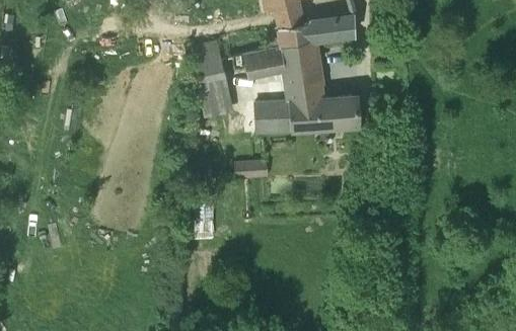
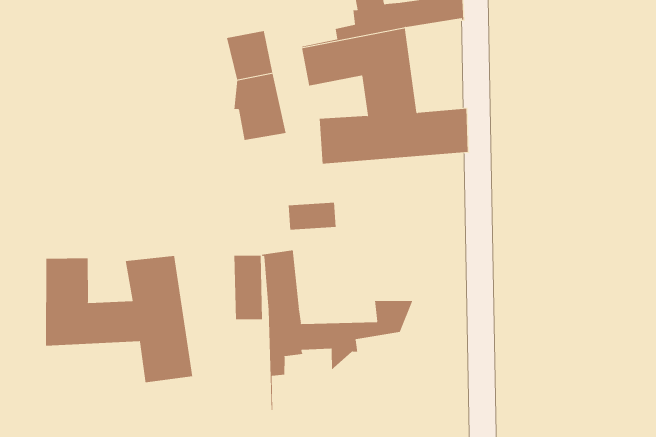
building: none -> [261,249,413,411]
building: none -> [46,255,193,383]

